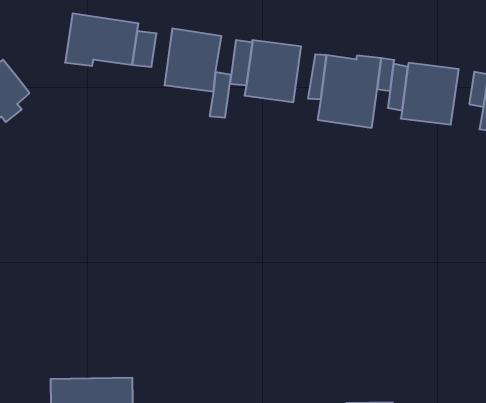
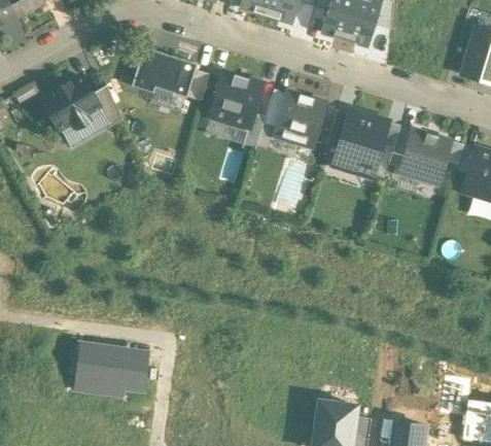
building: none -> [92,85,122,127]

